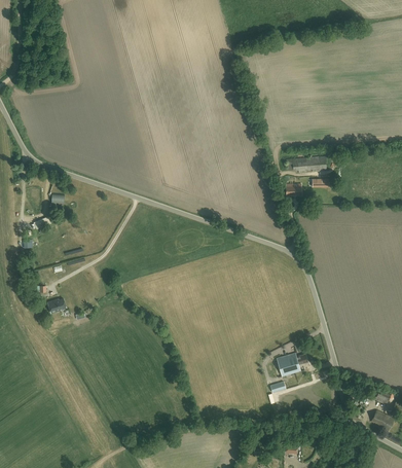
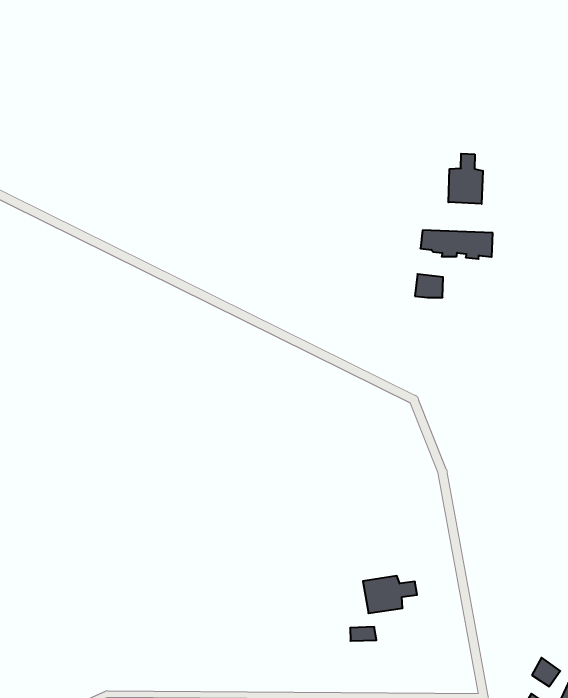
building: none -> [448,154,483,204]

